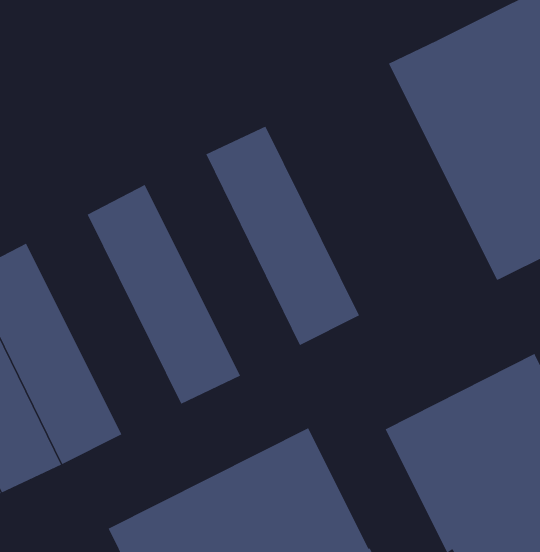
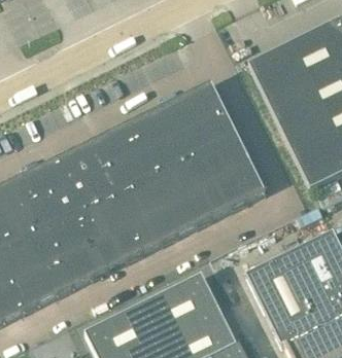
building: none -> [177,80,267,208]
building: none -> [107,114,197,243]
building: none -> [38,149,128,277]

